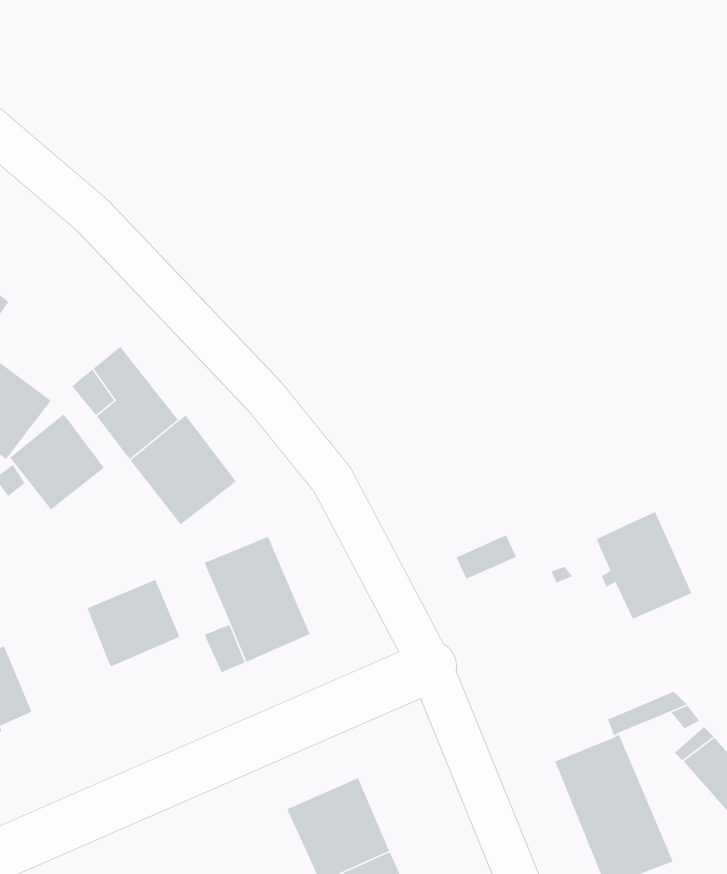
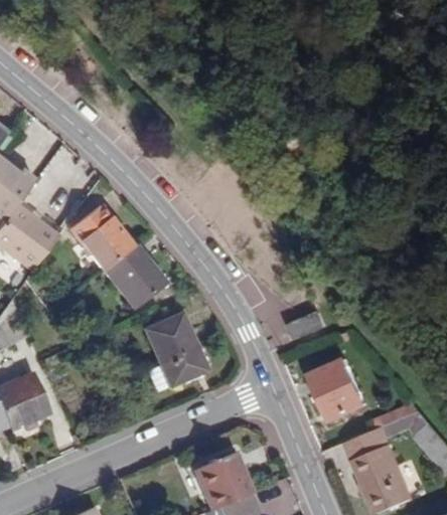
building: [9,413,105,510] -> none
building: [595,511,692,620] -> [311,357,366,419]
building: [87,579,181,668] -> none

